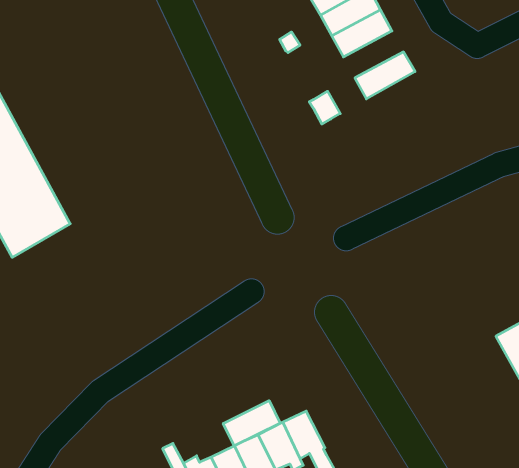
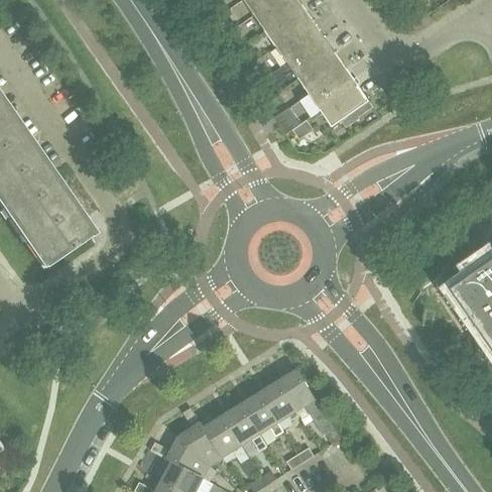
building: none -> [298,52,347,94]
building: none -> [321,84,370,126]
building: [223,401,280,446] -> none

